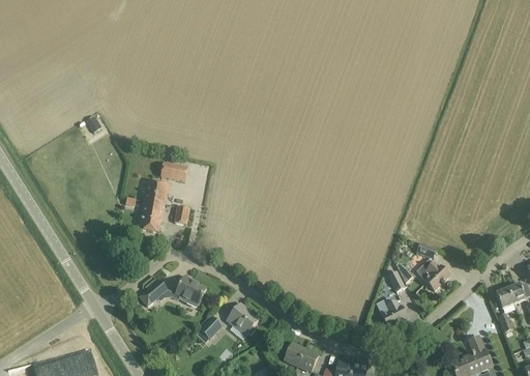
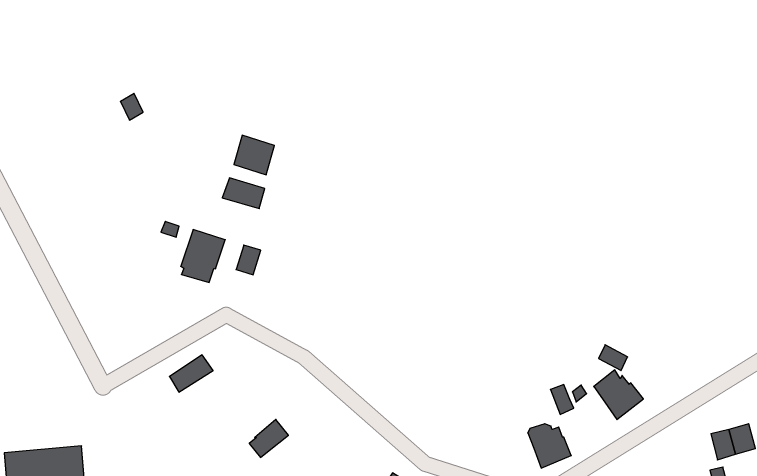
building: [143,180,168,204] -> [234,135,274,175]
building: [175,277,205,307] -> none
building: [226,303,257,336] -> none

